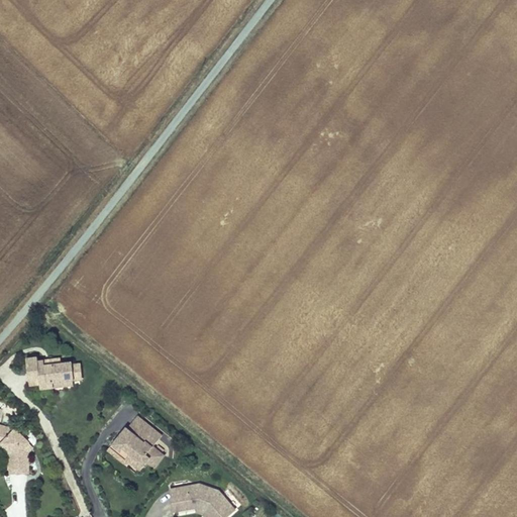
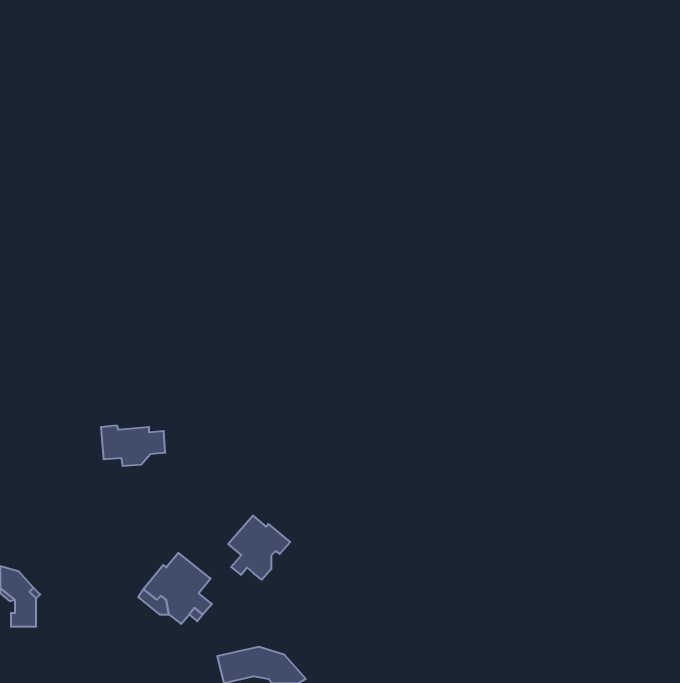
building: [24,358,73,389] -> [101,426,165,466]
building: none -> [228,516,290,580]

